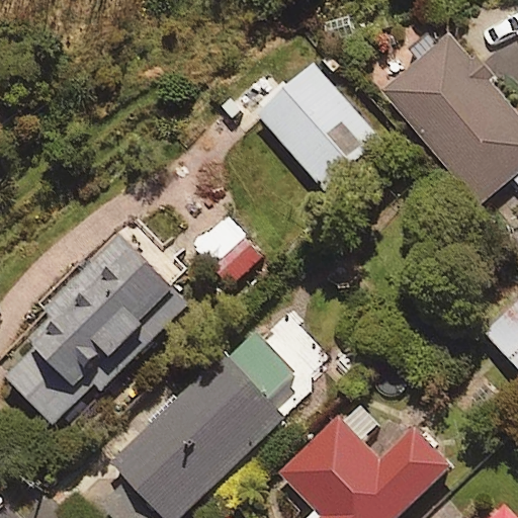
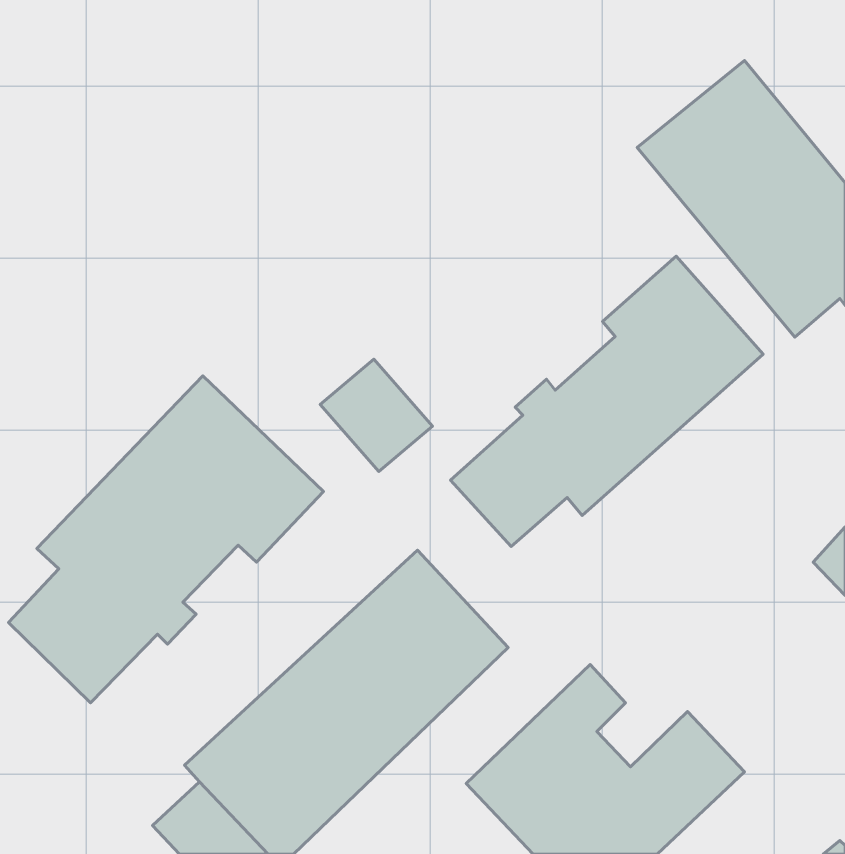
building: [257,64,379,188] -> none
building: none -> [451,256,763,547]

